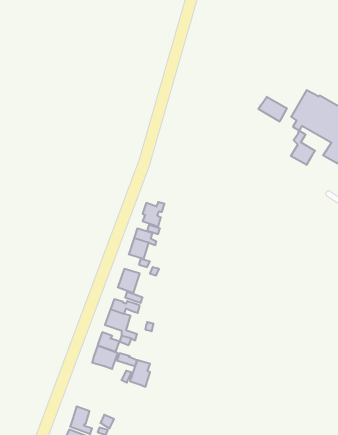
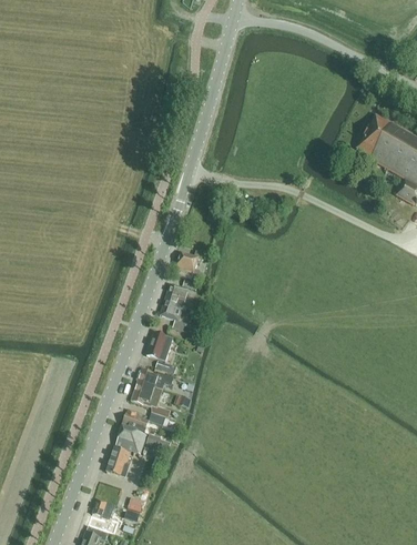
building: [259,97,287,122] -> none
building: [291,130,315,165] -> none
building: [130,360,150,387] -> [108,445,132,477]

